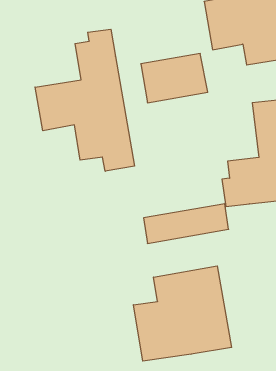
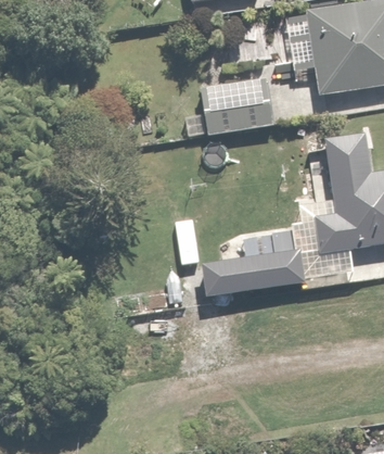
building: [35,29,134,171] -> none
building: [133,266,232,361] -> none

